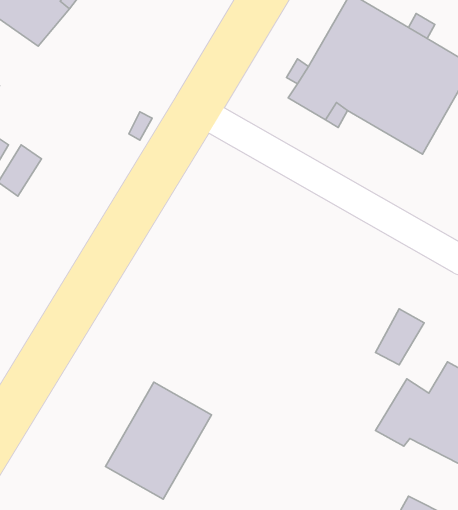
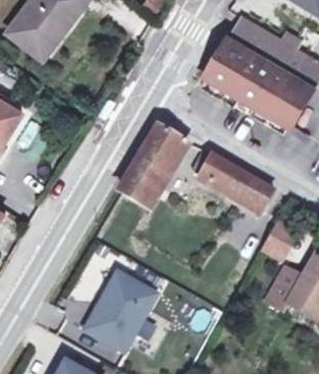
building: none -> [122,126,182,208]
building: none -> [190,150,273,212]

